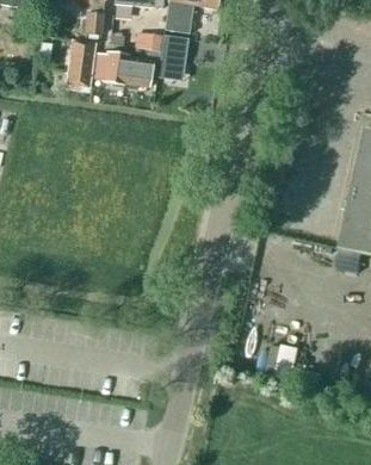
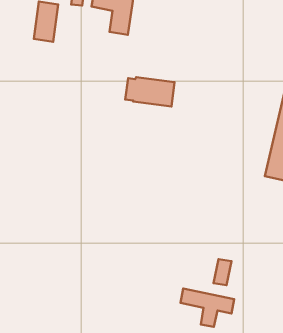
building: [95,51,154,86] -> [125,77,174,106]
building: none -> [181,289,234,327]

